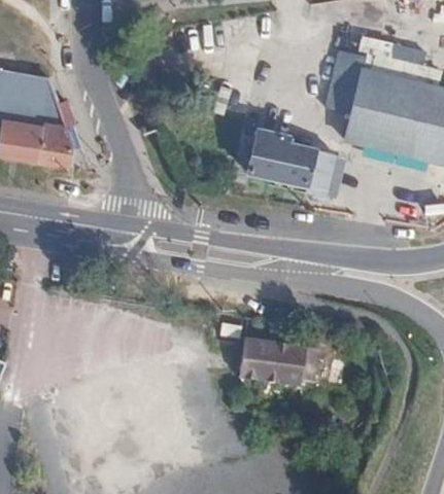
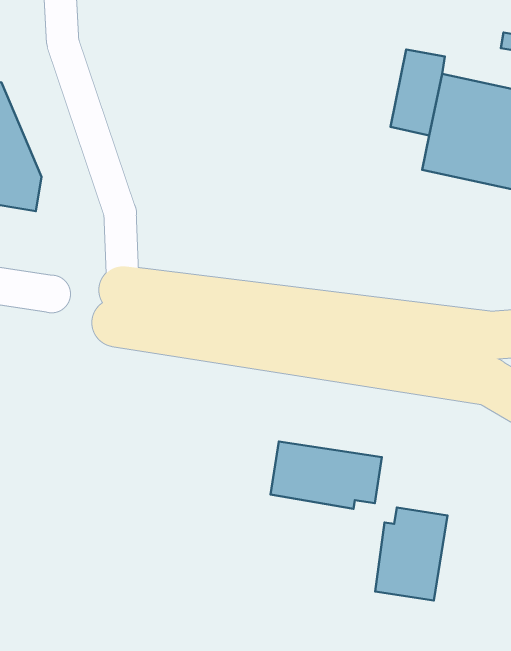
building: [249,130,337,196] -> none
building: none -> [375,508,447,600]

